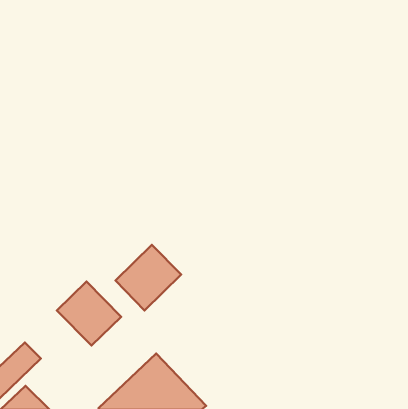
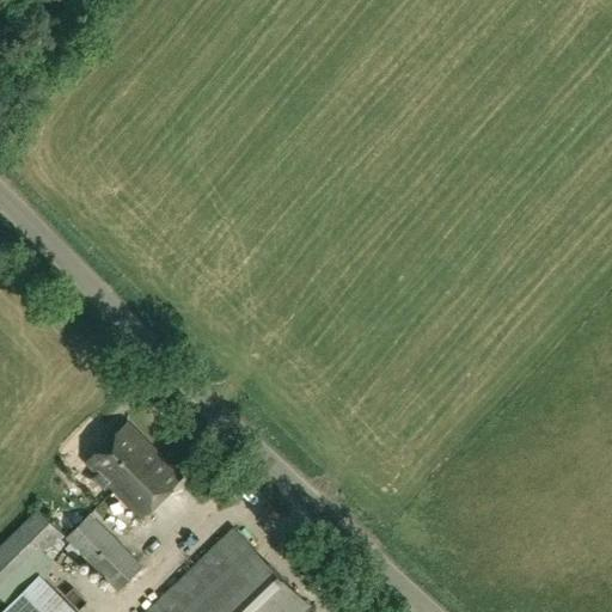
building: [115,245,181,310] -> none
building: none -> [65,514,140,589]

